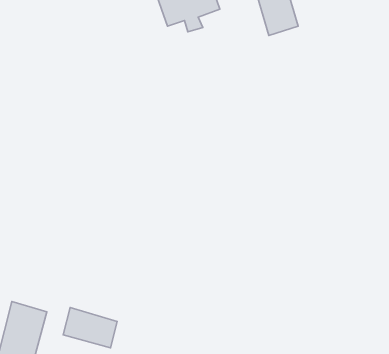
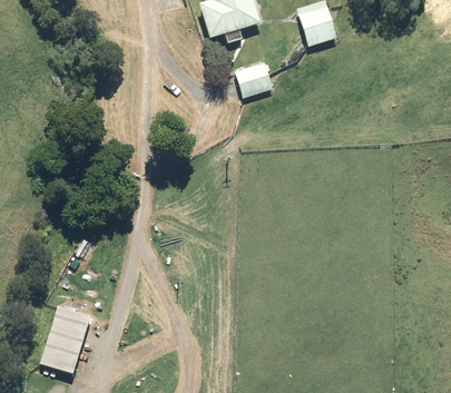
building: none -> [234,62,273,99]
building: [63,308,117,348] -> none

